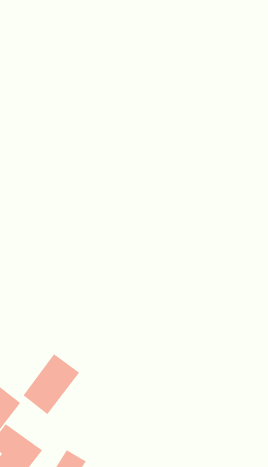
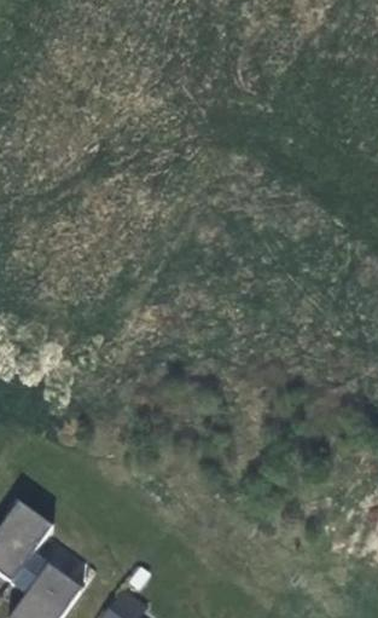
building: [22,353,80,415] -> none

